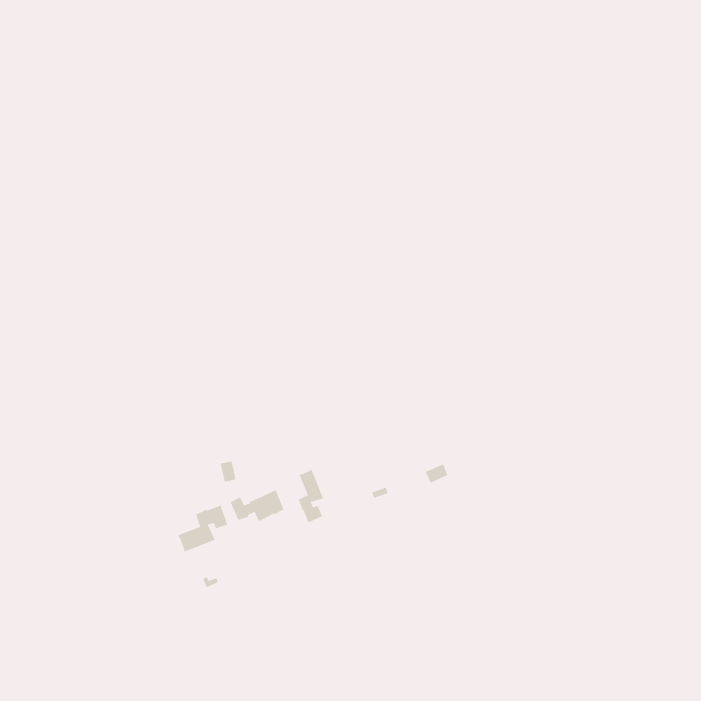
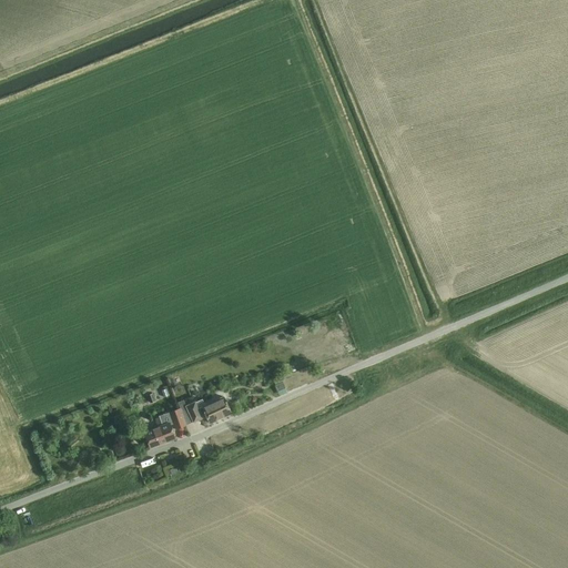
building: [298,469,324,524] -> none

